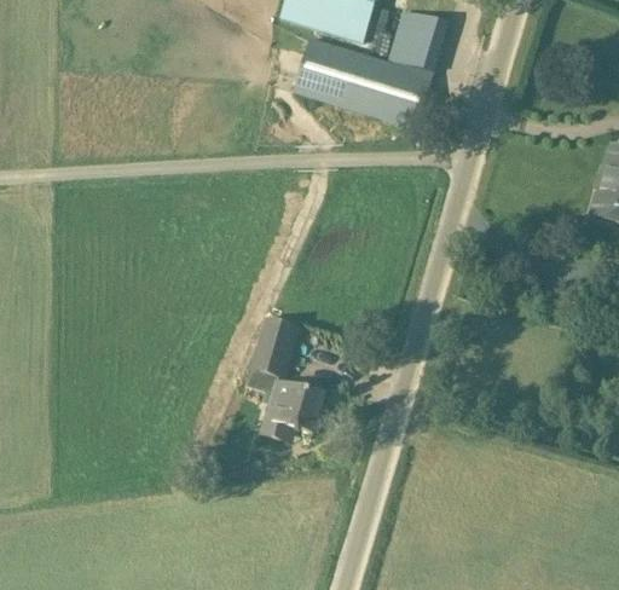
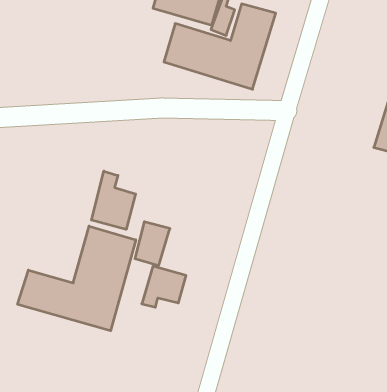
building: none -> [91,171,136,229]
building: none -> [18,226,136,331]

